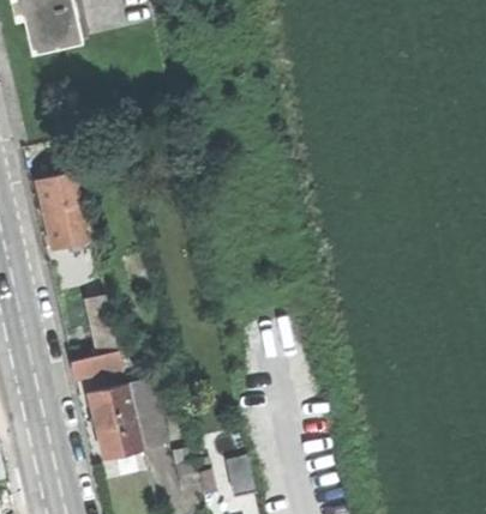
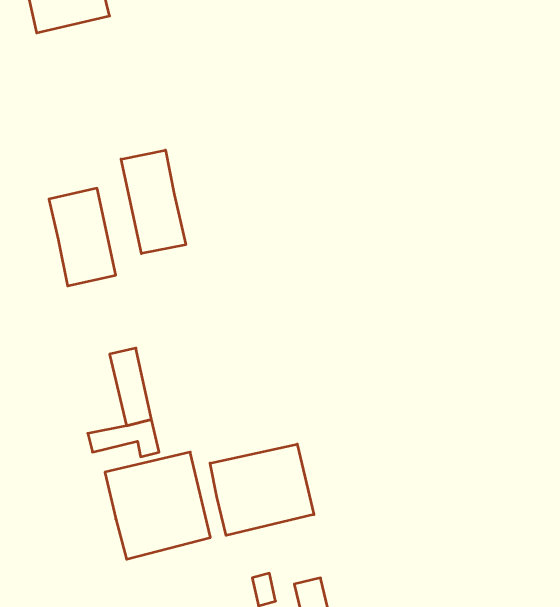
building: none -> [121,150,186,254]
building: none -> [210,444,314,535]

